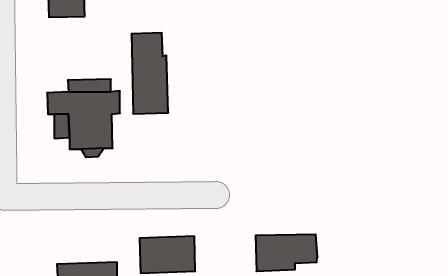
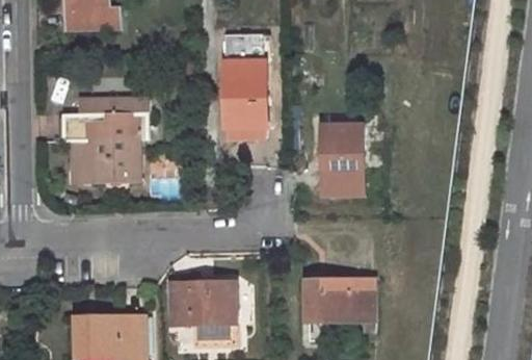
building: [131,33,168,114] -> [222,35,265,129]
building: none -> [319,127,362,192]

